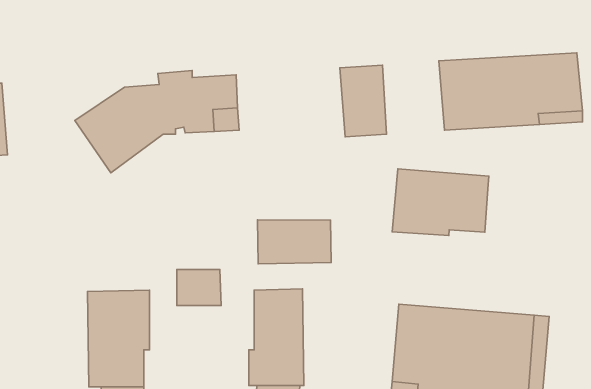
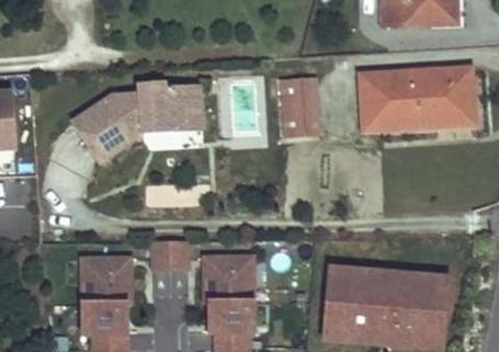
building: [392,169,489,236] -> none
building: [258,220,331,264] -> none

